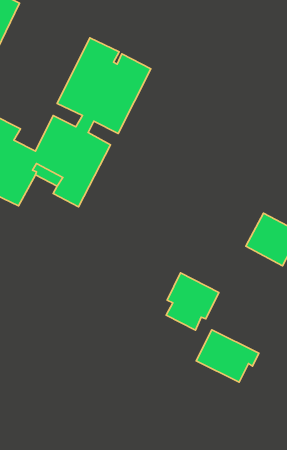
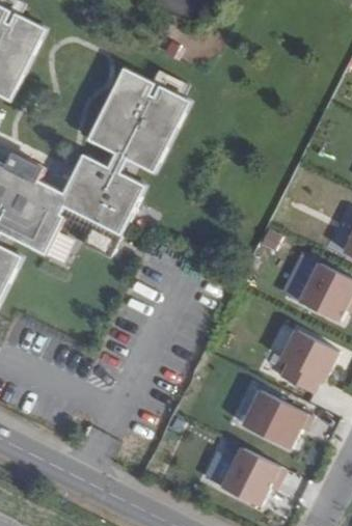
building: [166,273,219,330] -> [277,329,335,392]
building: none -> [220,447,277,505]

